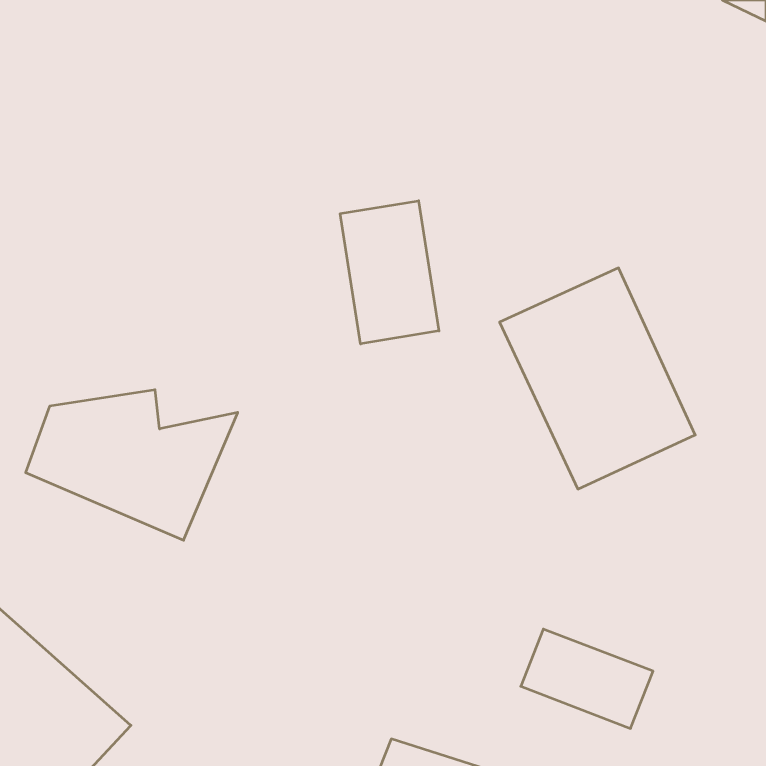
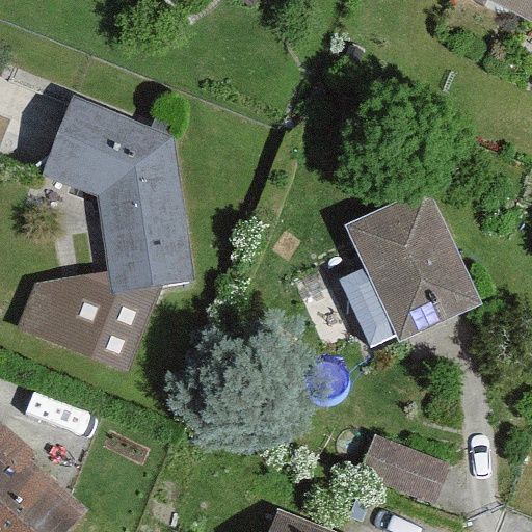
building: none -> [41,97,193,298]
building: [340,201,439,344] -> none

